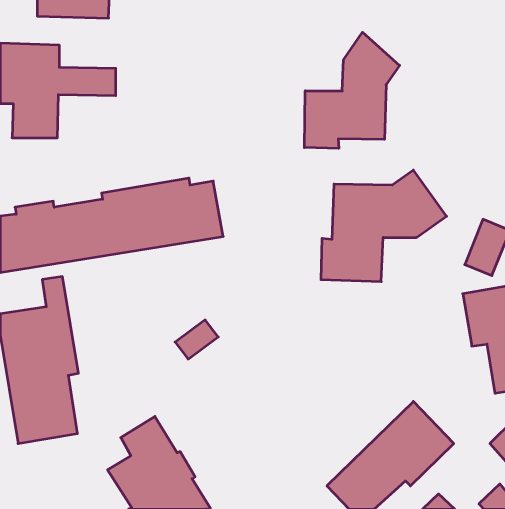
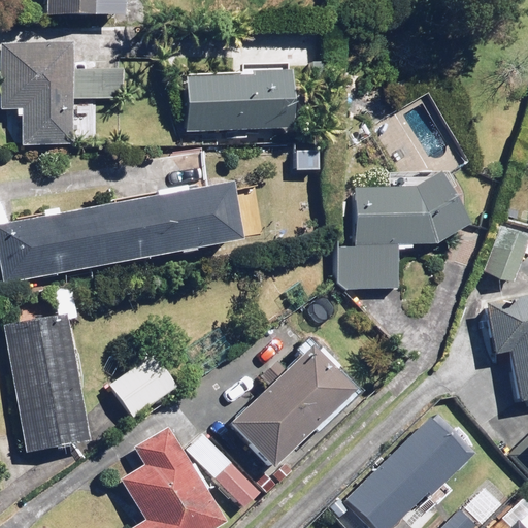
building: [304,32,400,148] -> none
building: none -> [183,68,289,131]
building: none -> [190,338,358,506]
building: none -> [110,355,174,416]

